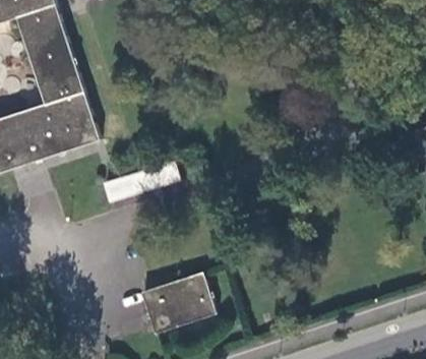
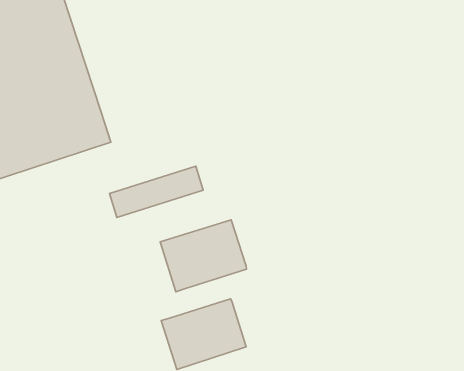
building: none -> [160,220,246,292]

